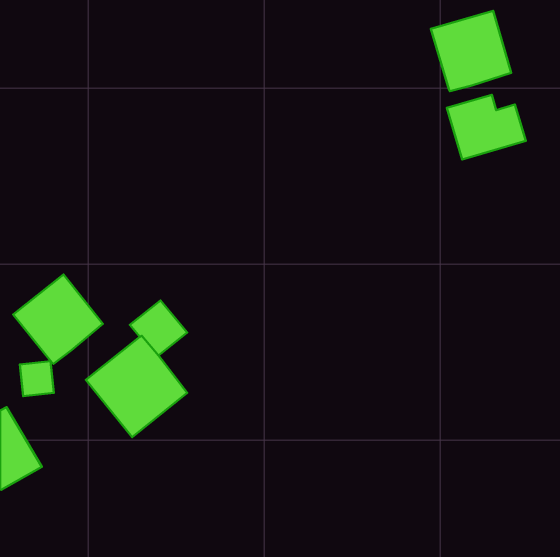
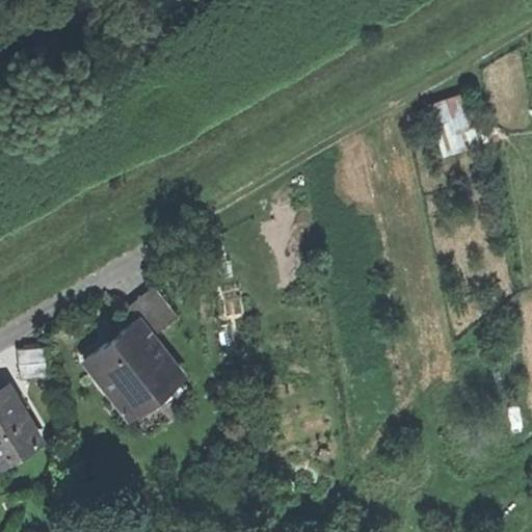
building: [431,11,511,91] -> none
building: [13,275,103,364] -> none

